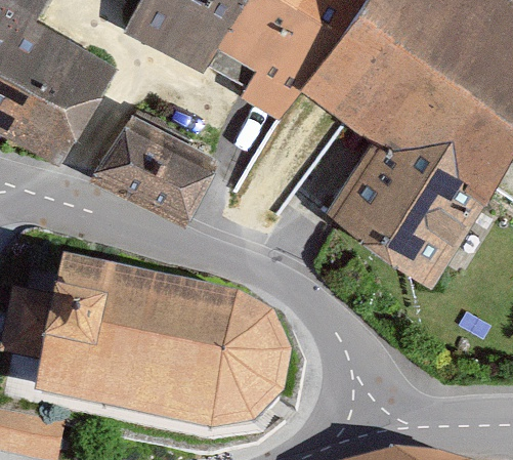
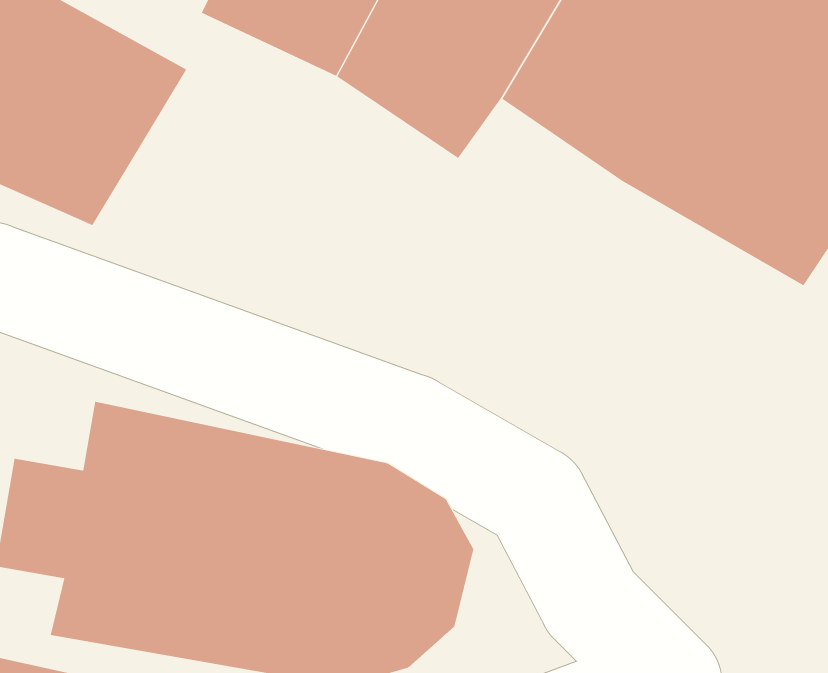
building: [93,114,217,219] -> none
building: [329,128,484,281] -> none

